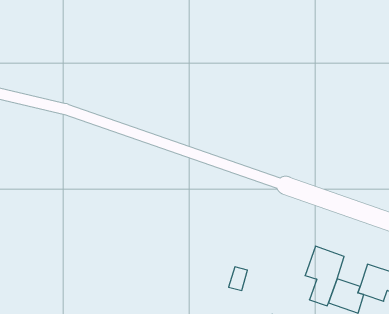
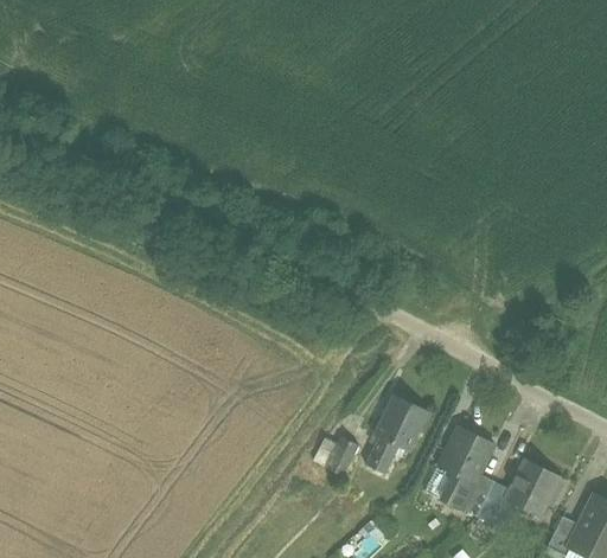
building: none -> [365,393,427,470]

